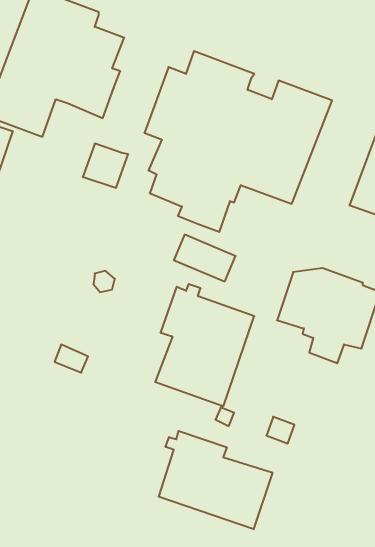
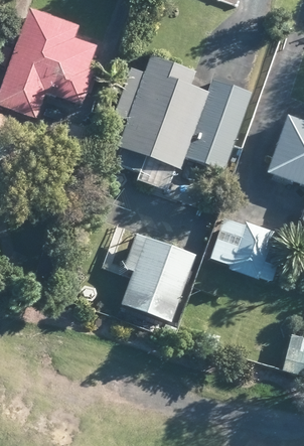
building: [159,431,272,529] -> none

